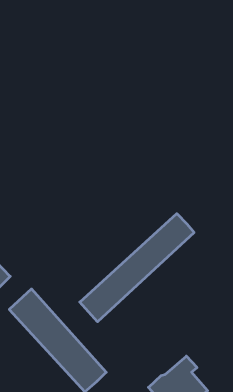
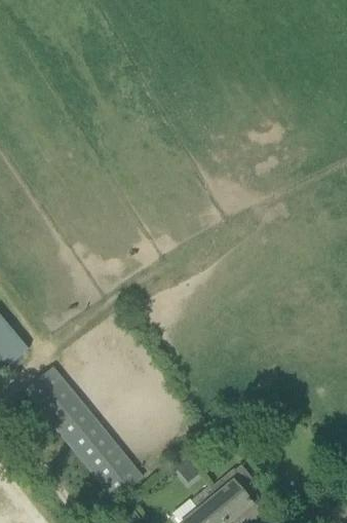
building: [80,214,194,322] -> none

